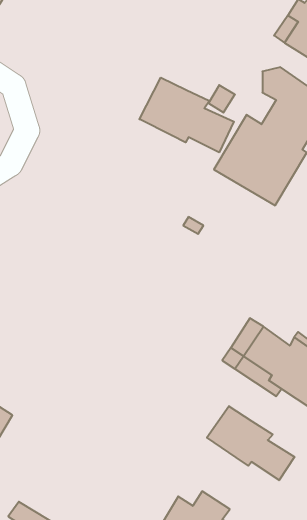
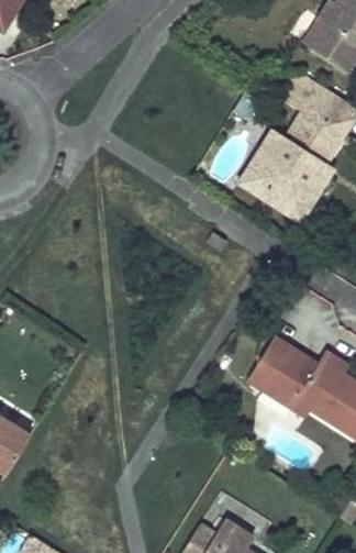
building: [139,78,234,152] -> none
building: [207,406,294,480] -> none

